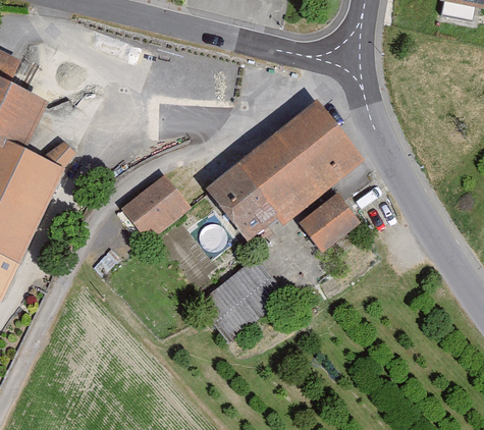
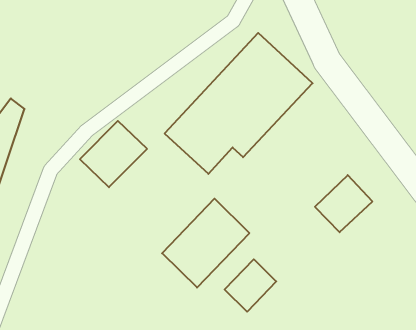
building: [291,201,349,257] -> [315,175,372,232]
building: none -> [225,259,276,312]

